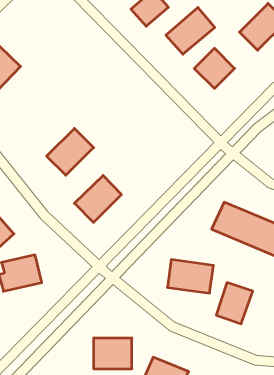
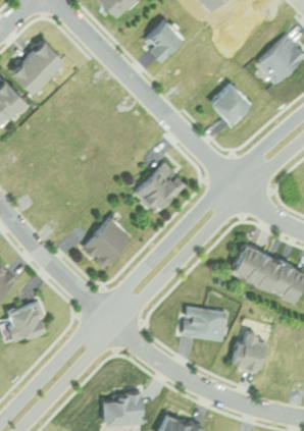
building: [166,7,215,54] -> none
building: none -> [10,41,63,95]
building: [47,128,94,175] -> [135,161,185,211]

